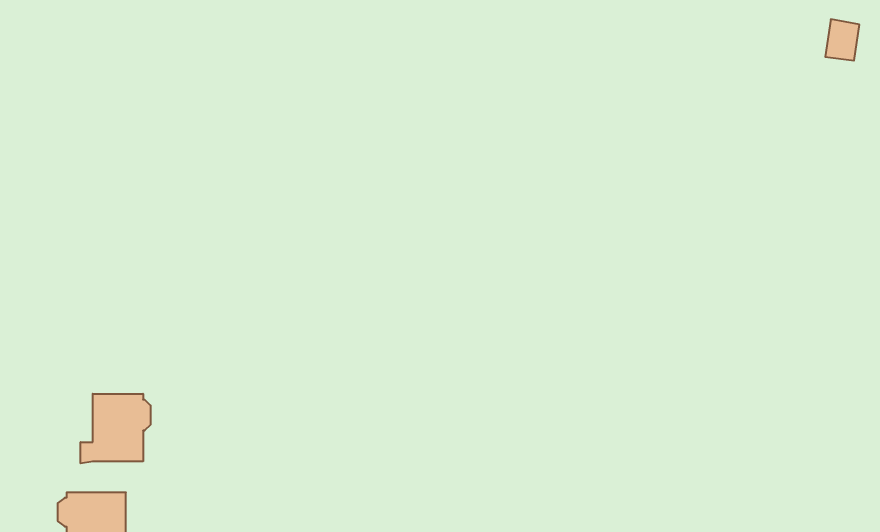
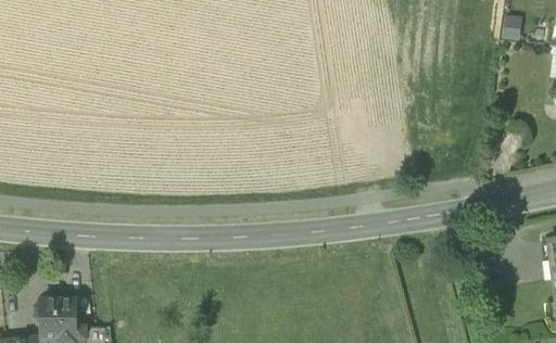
building: [81,394,151,463] -> none

